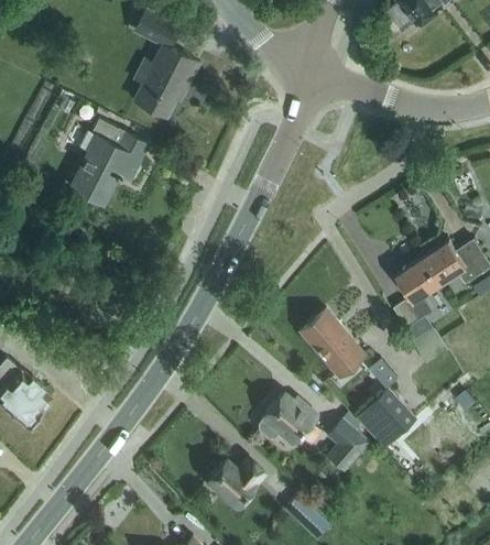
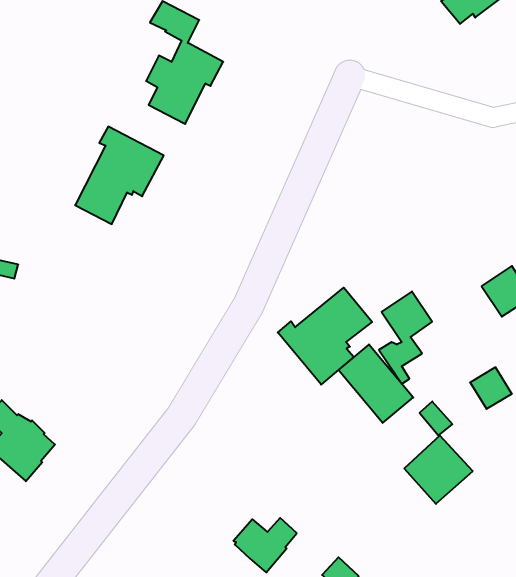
building: [395,258,442,338] -> [379,291,432,384]
building: none -> [278,288,372,385]
building: [259,394,323,446] -> none
building: [326,417,369,470] -> none

